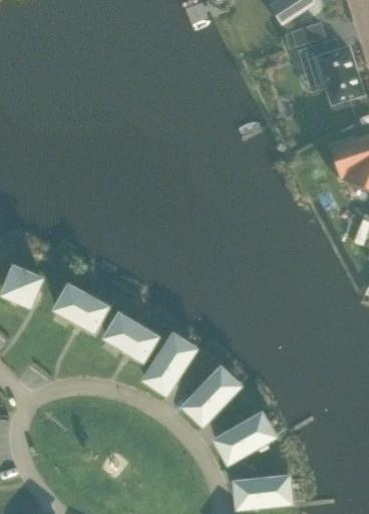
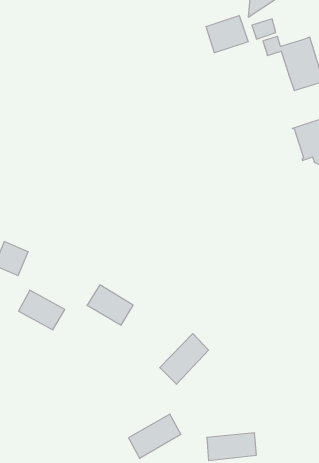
building: none -> [206,15,248,53]
building: [55,284,105,327] -> [19,290,65,330]
building: [143,333,194,391] -> none
building: [215,412,272,460] -> [129,414,181,458]

